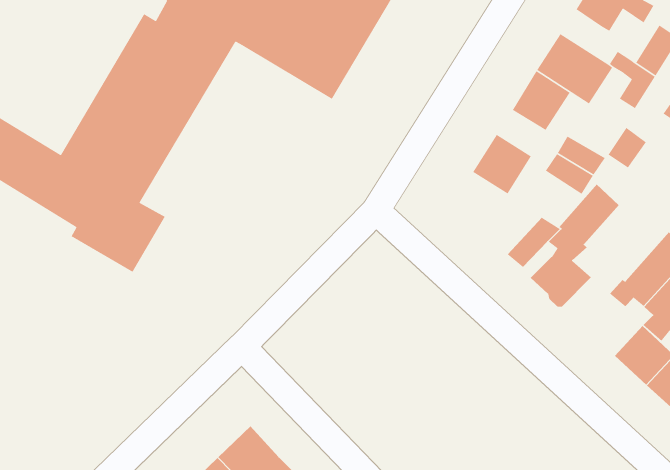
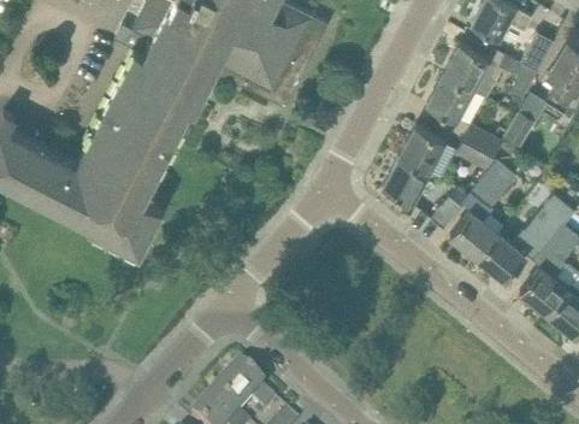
building: none -> [383,158,429,205]
building: none -> [477,234,526,282]

